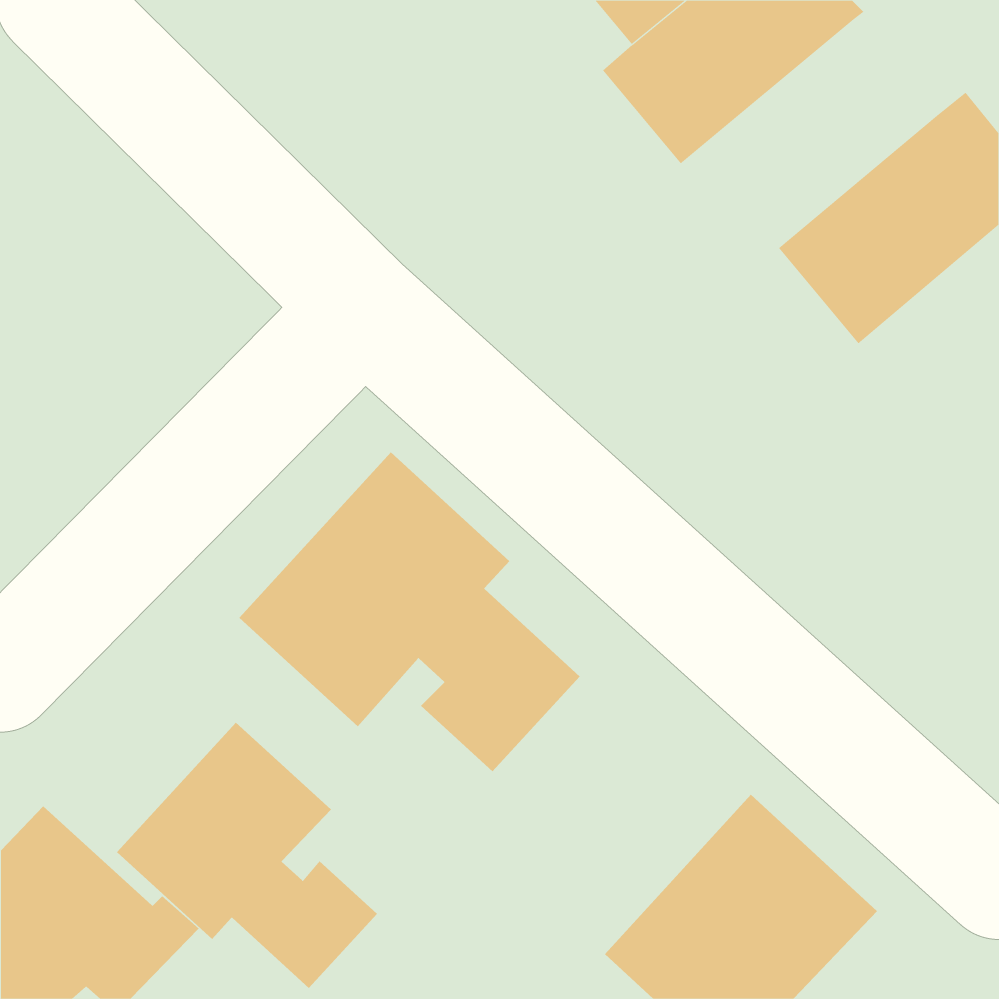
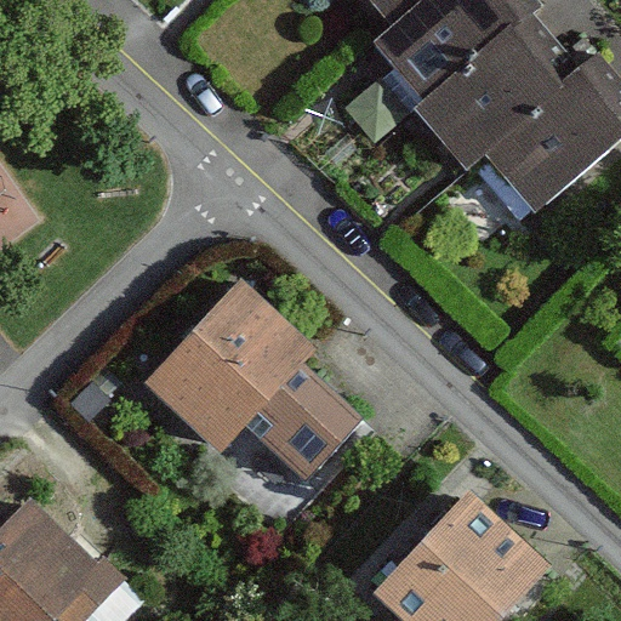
building: none -> [414,12,581,169]
building: [116,722,378,989] -> none

